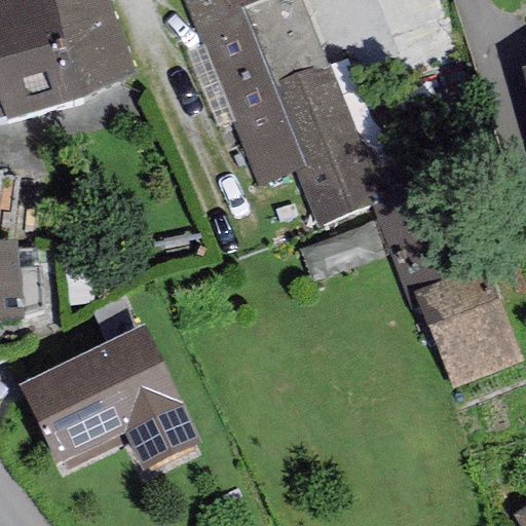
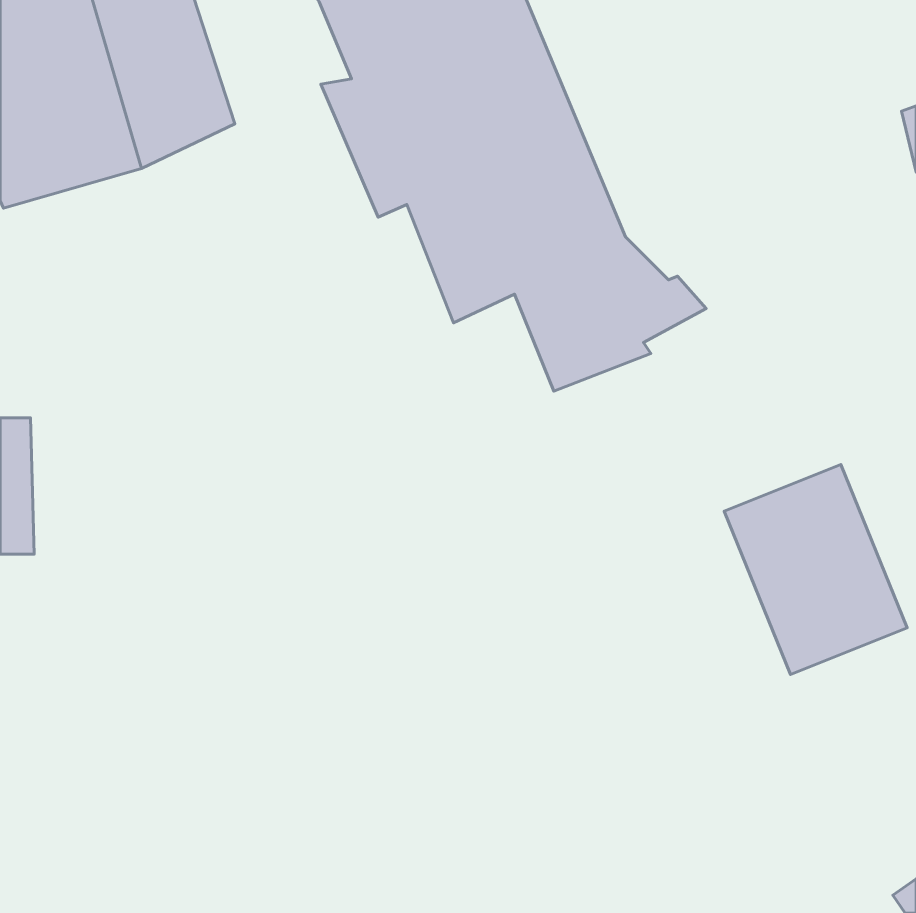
building: [17,324,200,474] -> none

